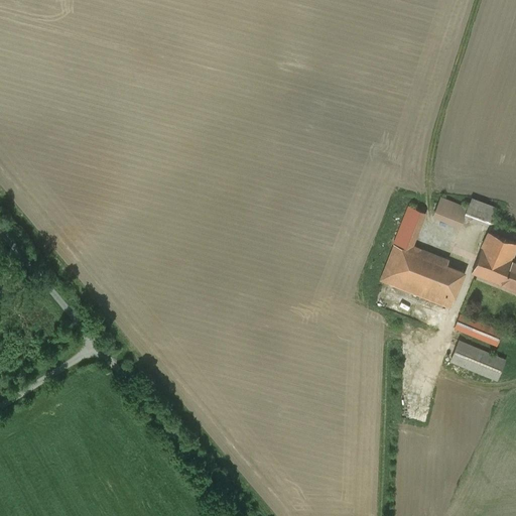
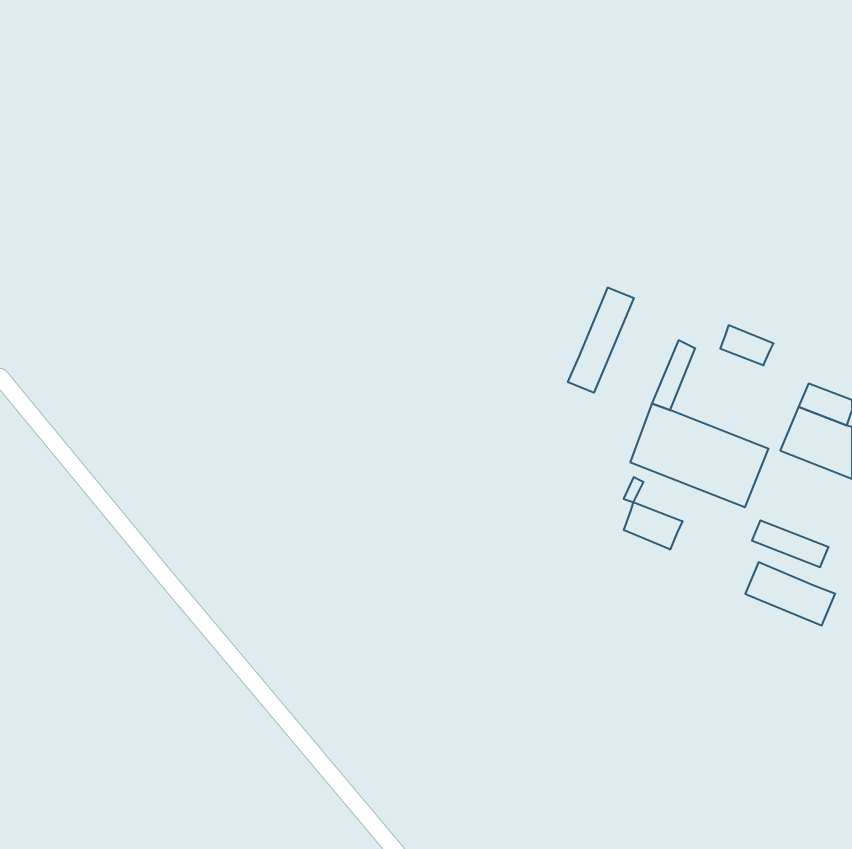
building: none -> [568,287,634,393]
building: [466,200,495,223] -> none
building: none -> [624,502,682,550]

